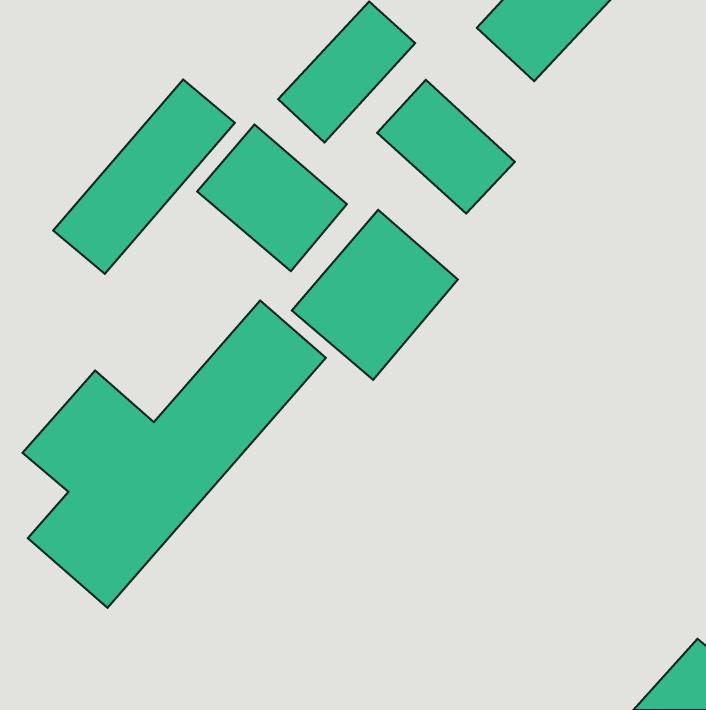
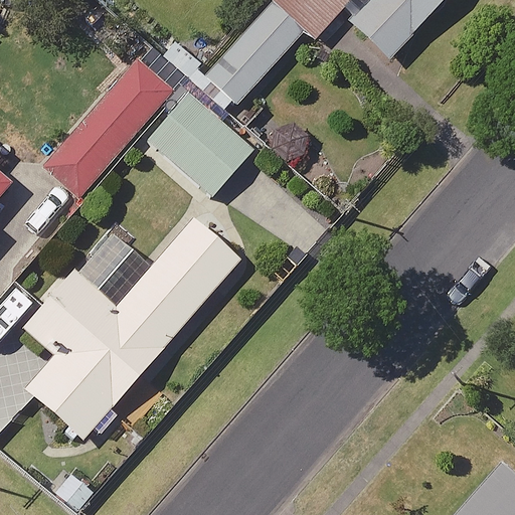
building: [377,80,515,214] -> none
building: [292,210,458,380] -> none

